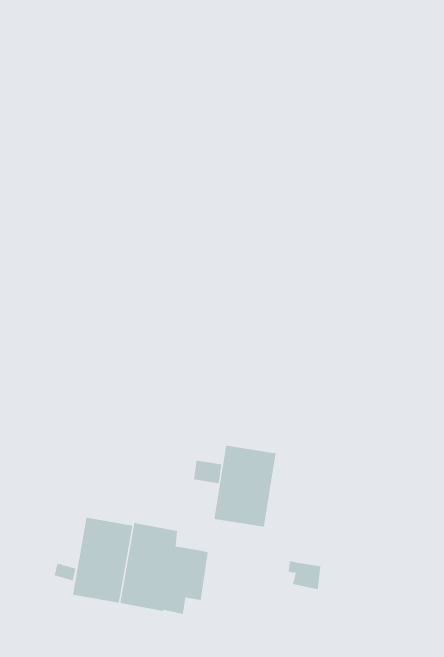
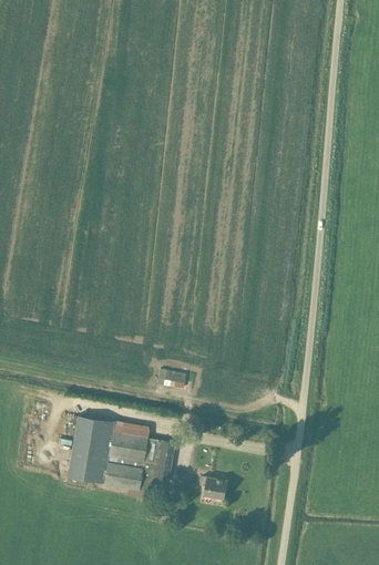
building: [214,445,276,528] -> none
building: [288,561,321,590] -> [201,475,227,499]

